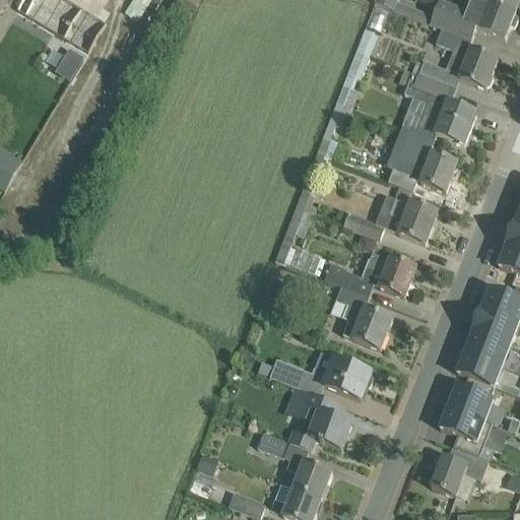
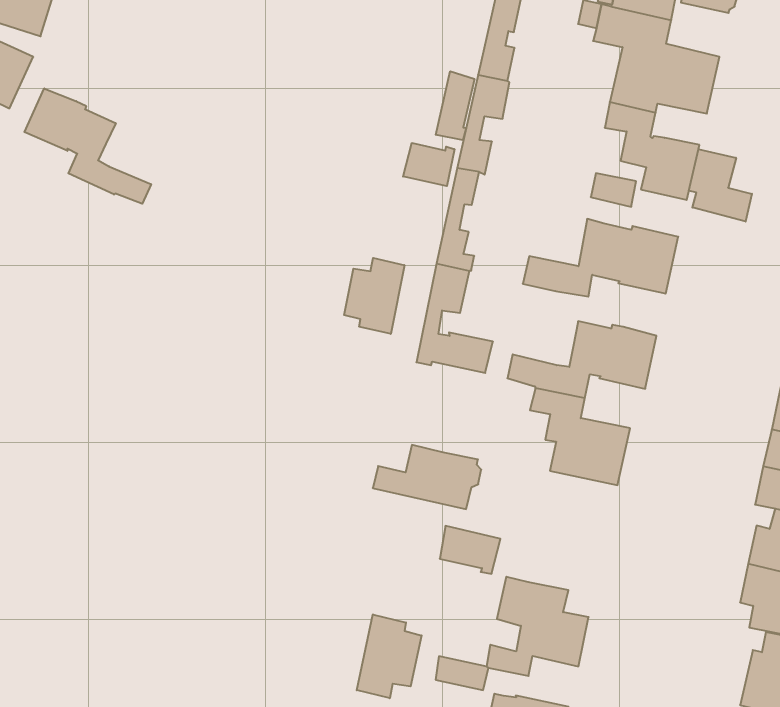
building: none -> [24,88,151,204]
building: none -> [436,71,474,140]
building: none -> [403,143,454,186]
building: none -> [689,149,752,222]
building: none -> [344,258,404,334]
building: [309,355,373,397] -> [373,445,481,509]
building: none -> [357,614,422,698]

